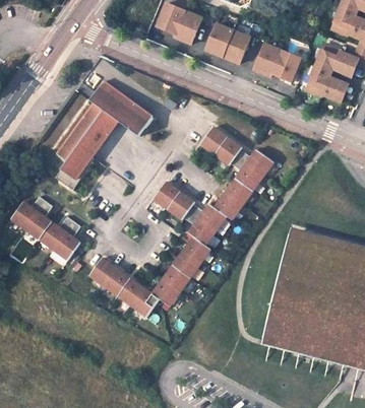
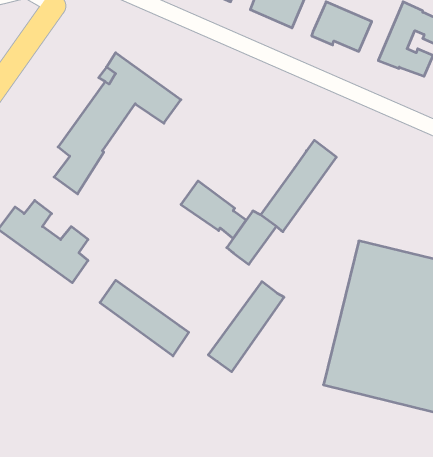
building: [199,128,249,172] -> none
building: [150,237,209,308] -> [208,282,284,372]

